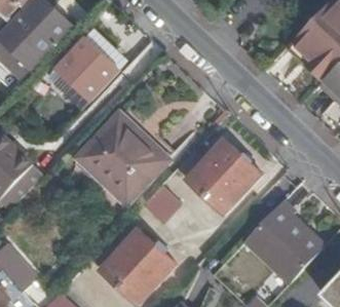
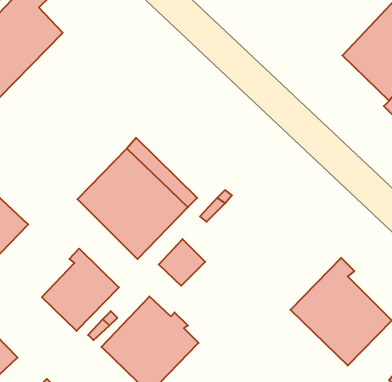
building: [28,38,117,101] -> none
building: [188,141,261,214] -> none
building: none -> [42,249,119,331]

